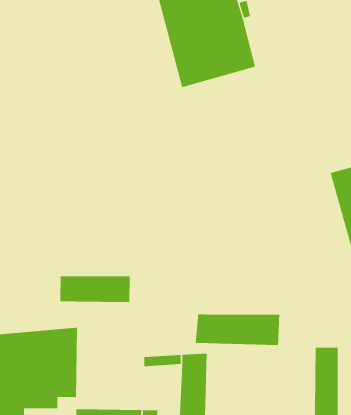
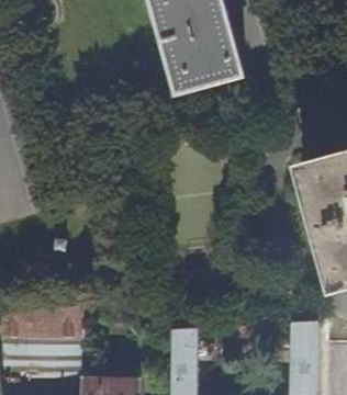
building: [60,276,130,303] -> none
building: [195,313,280,346] -> none

